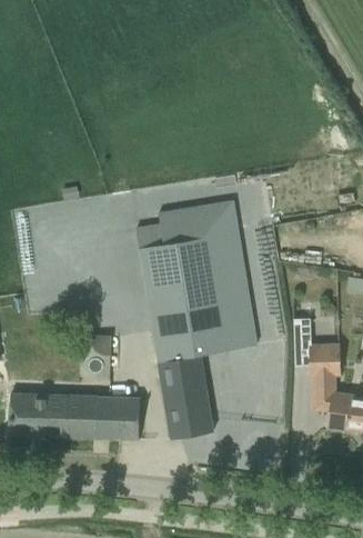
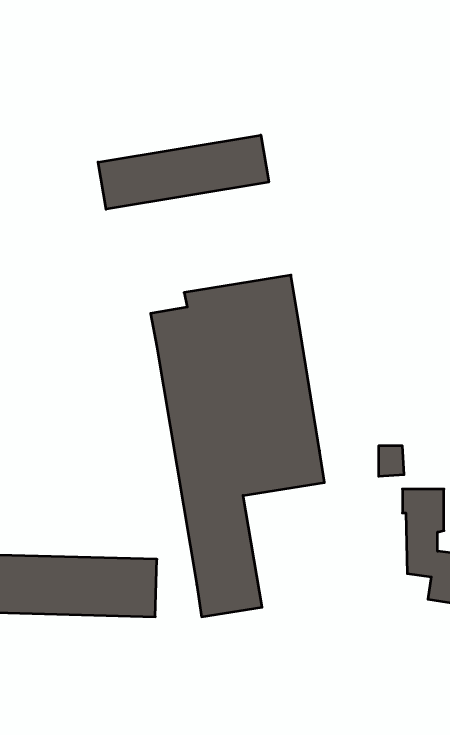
building: none -> [98,135,269,209]

